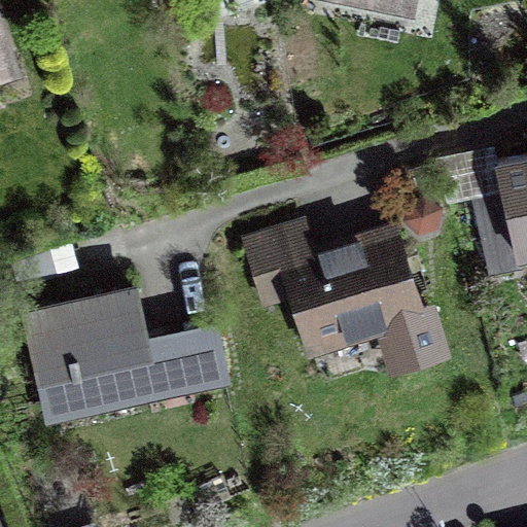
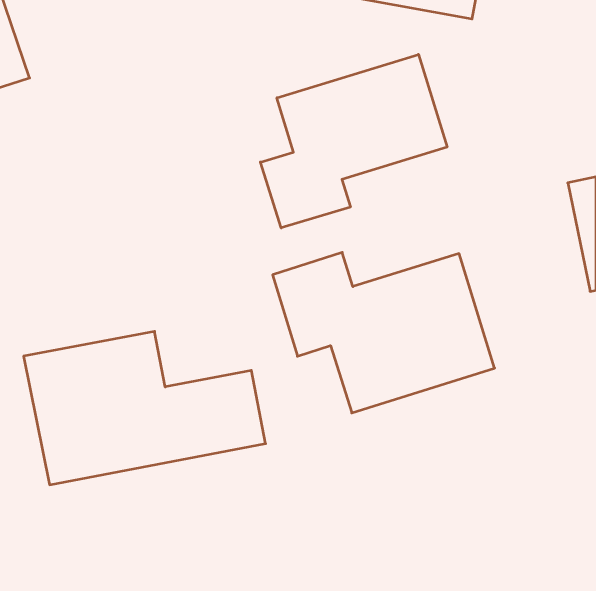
building: none -> [260,54,447,228]

